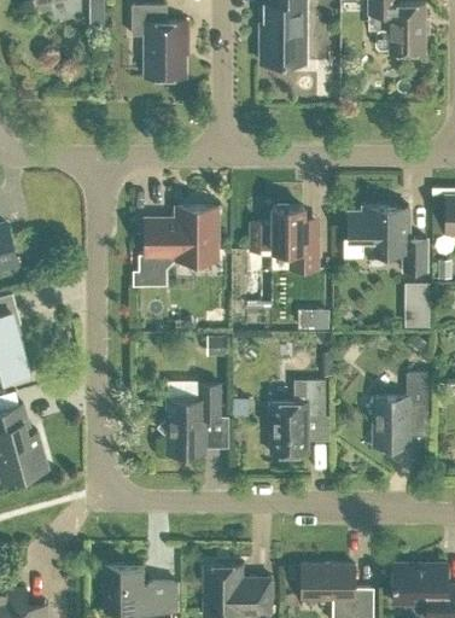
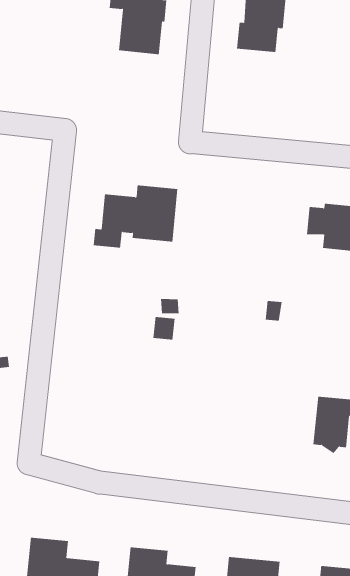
building: [251,208,317,269] -> none
building: [270,381,325,454] -> none
building: [157,385,220,454] -> none

